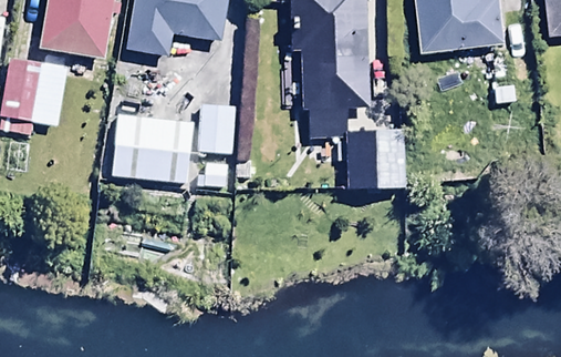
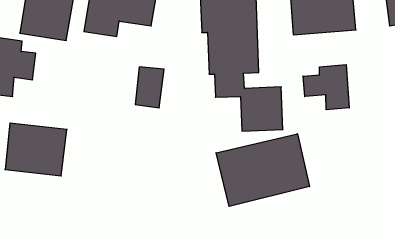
building: none -> [303,65,349,110]
building: [113,111,198,184] -> [5,123,67,176]
building: none -> [216,134,309,206]

